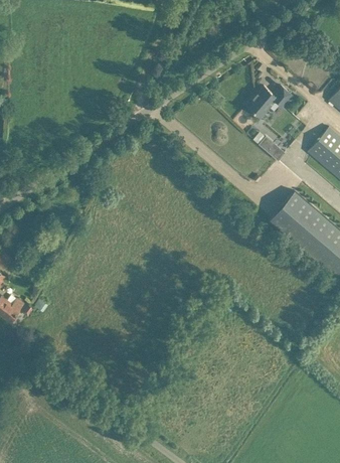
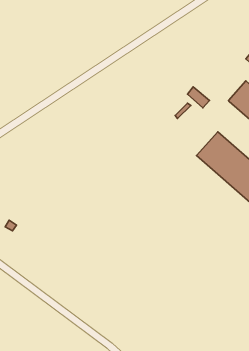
building: [244,86,292,121] -> none

